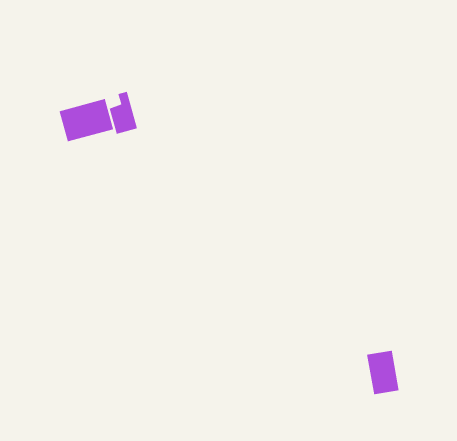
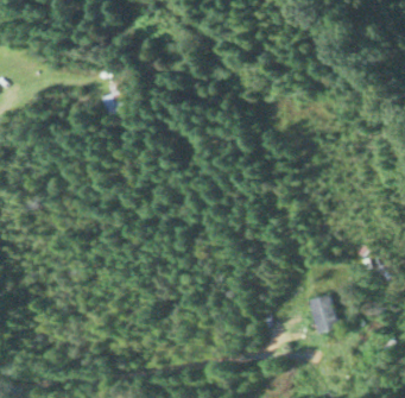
building: [59,98,114,142] -> none

